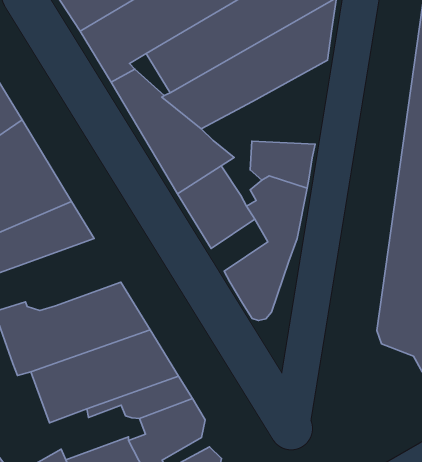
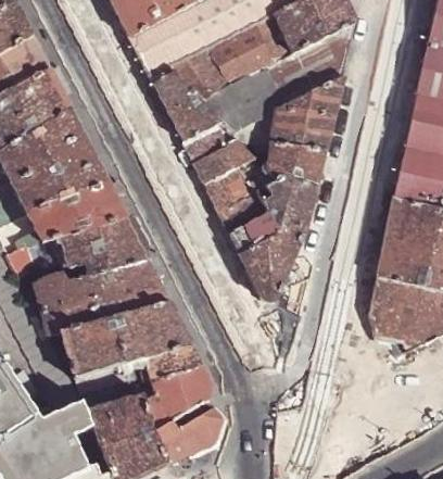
building: none -> [270,74,342,147]
building: none -> [228,209,278,252]
building: none -> [56,215,147,272]

